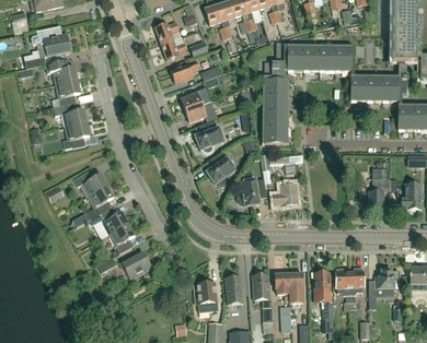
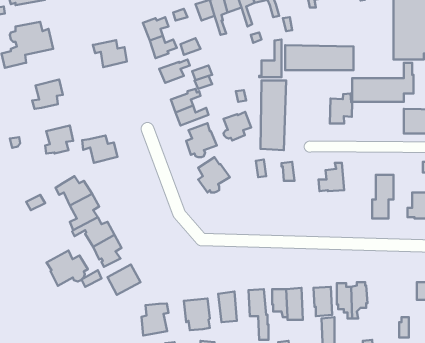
building: [46,59,78,84] -> [93,40,127,67]
building: none -> [330,94,352,124]
building: [55,102,88,127] -> [82,136,117,163]
building: none -> [224,112,251,141]
building: [240,178,267,205] -> none
building: [274,178,298,204] -> [318,163,344,191]
building: none -> [46,251,88,286]
building: [369,269,400,307] -> none
building: none -> [141,303,169,335]

